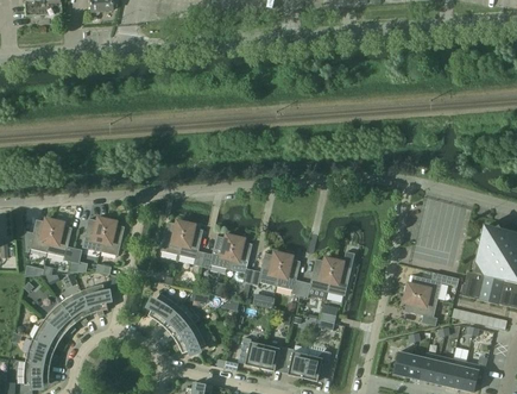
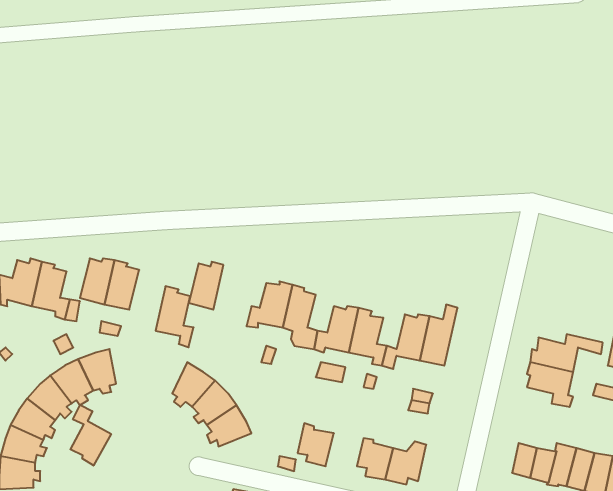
building: [178,223,206,267] -> [156,286,194,347]
building: none -> [70,405,111,466]
building: [259,344,286,371] -> none

